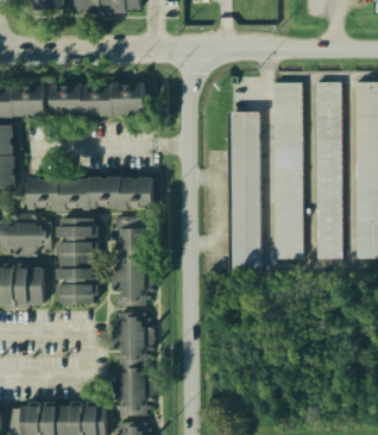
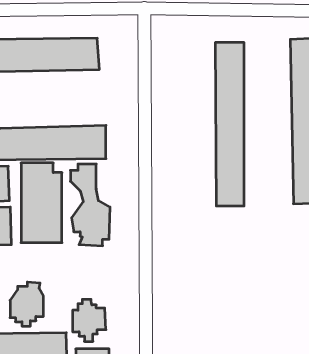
building: [315,81,342,261] -> none
building: [223,112,259,273] -> none
building: [112,313,149,361] -> [10,282,43,326]

